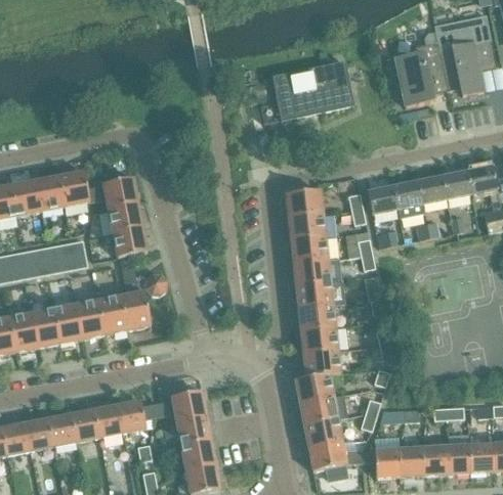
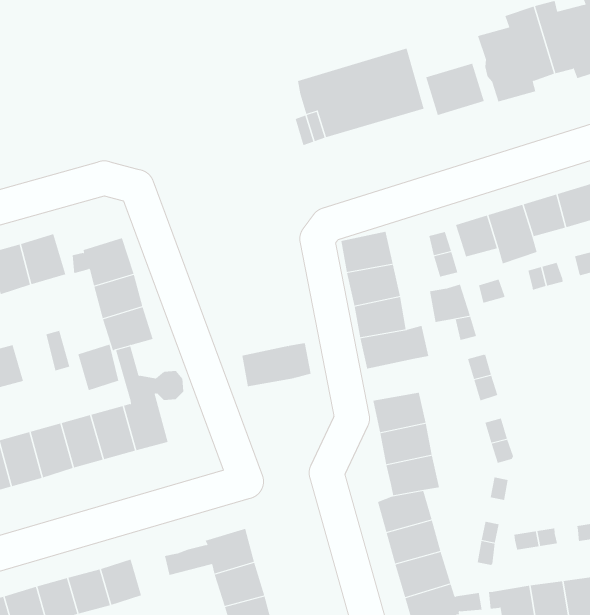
building: none -> [426,63,484,116]
building: [48,240,76,272] -> [78,344,119,391]
building: [296,280,344,308] -> [241,343,311,387]
building: [118,400,145,431] -> none

